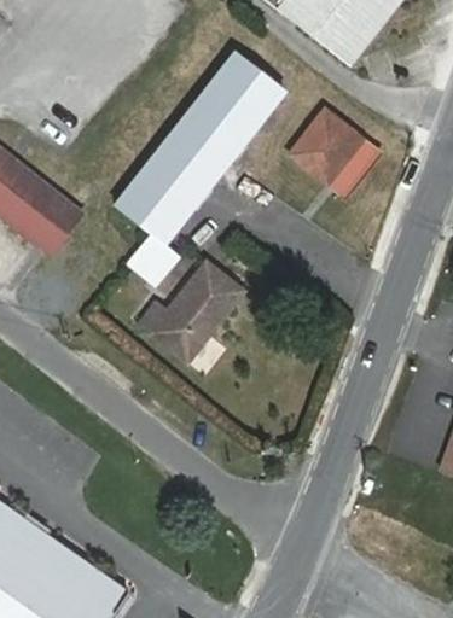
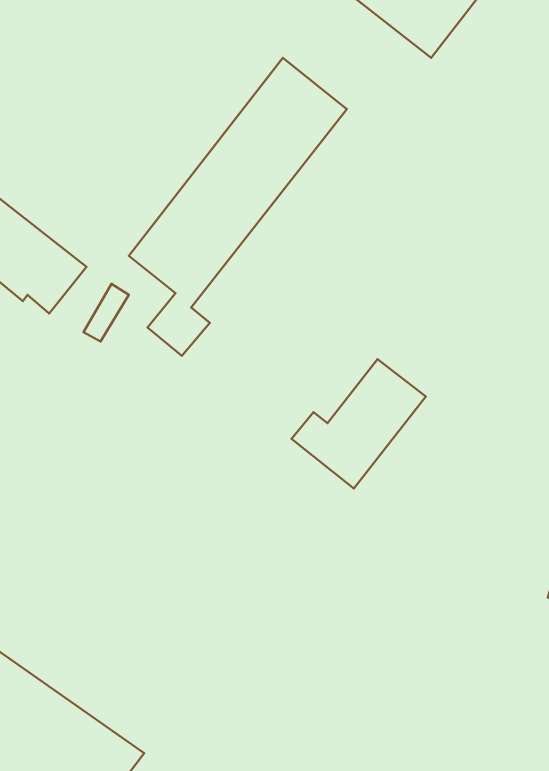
building: [291,112,378,196] -> none
building: [139,263,243,363] -> [292,359,426,489]

